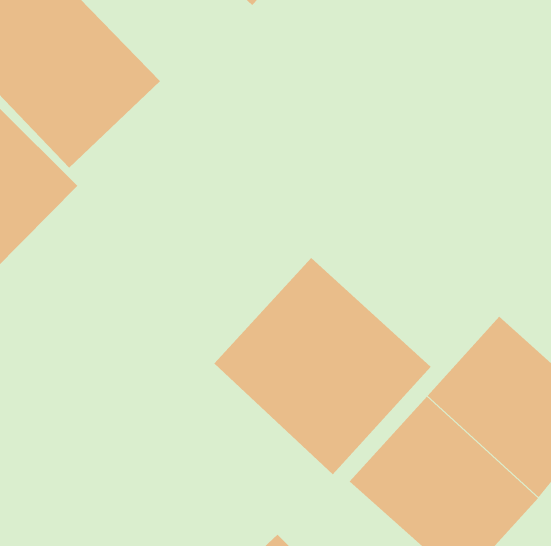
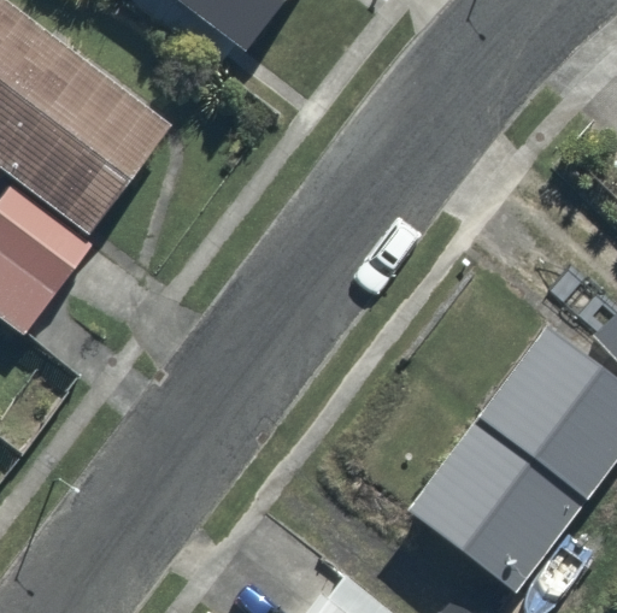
building: [214,257,432,475] -> none

